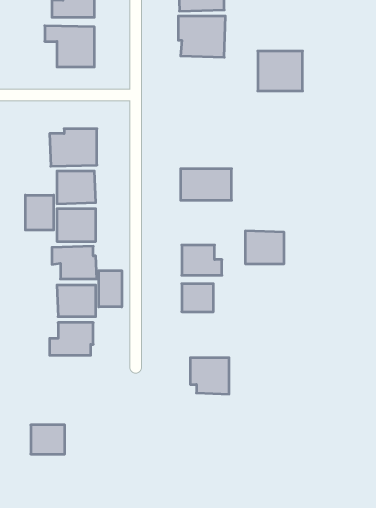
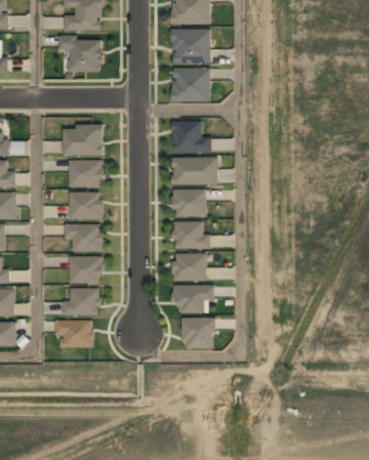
building: [258,51,303,91] -> [172,68,210,101]
building: none -> [172,121,211,153]
building: [25,195,54,230] -> none
building: [245,231,284,264] -> [173,189,206,216]
building: [99,271,122,307] -> none
building: none -> [172,285,213,312]
building: [31,425,65,454] -> [62,322,90,346]

